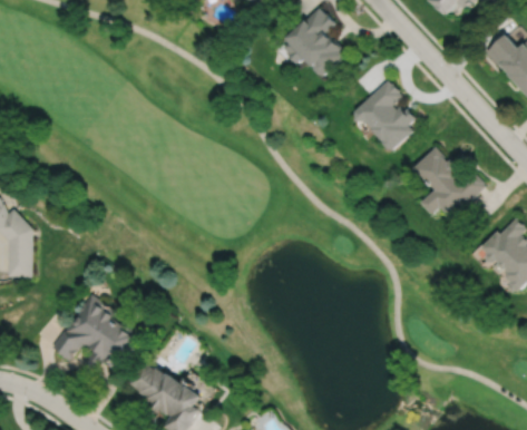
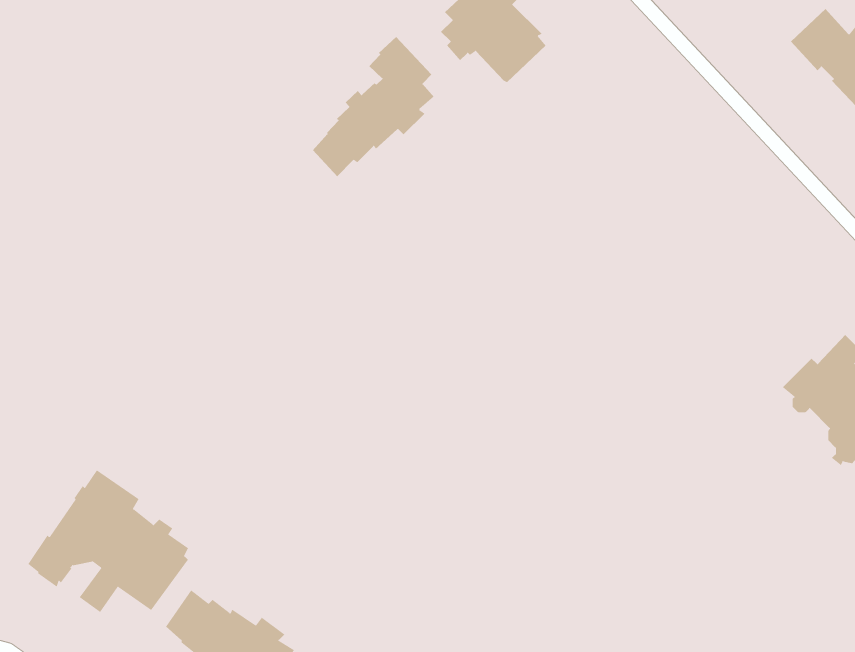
building: none -> [312,36,435,177]
building: [353,79,414,150] -> none
building: [412,146,484,218] -> none

